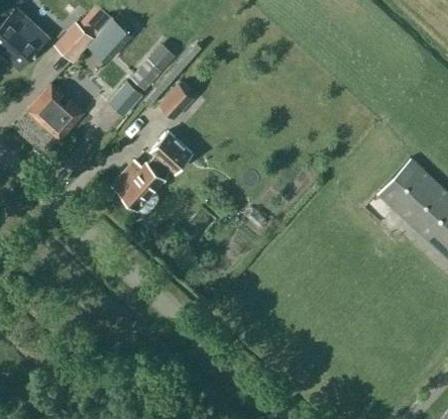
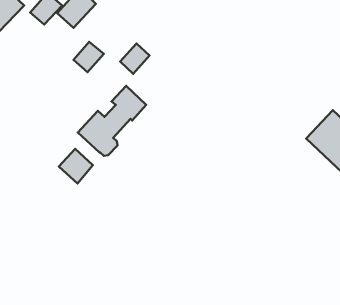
building: [128,53,165,91] -> none
building: [28,86,82,139] -> none
building: none -> [59,149,93,184]

